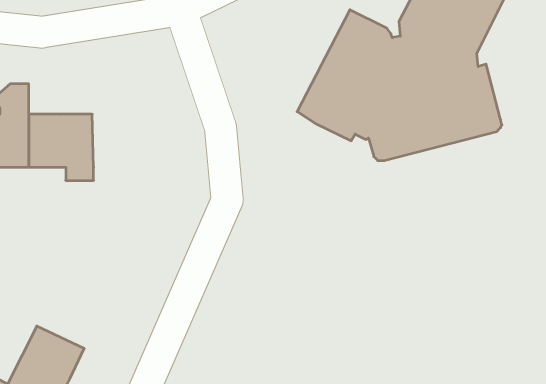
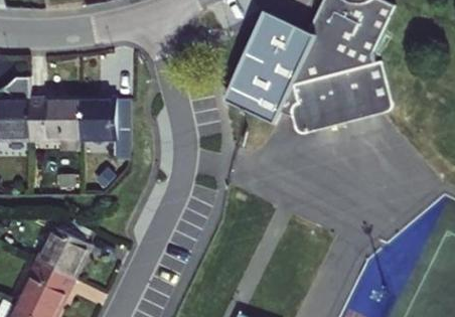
building: none -> [79,99,130,156]
building: none -> [36,217,90,277]

